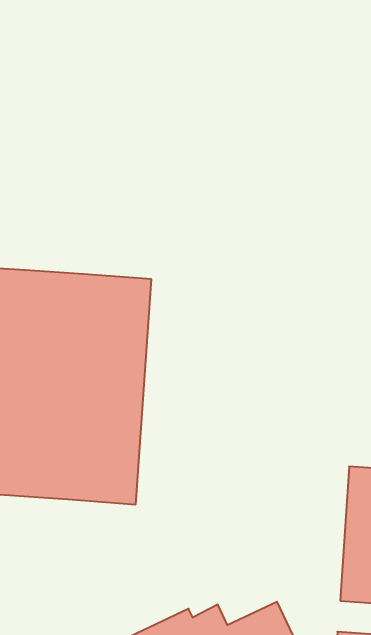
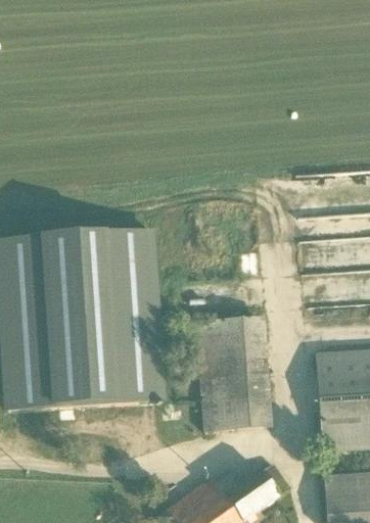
building: none -> [196,315,271,433]

